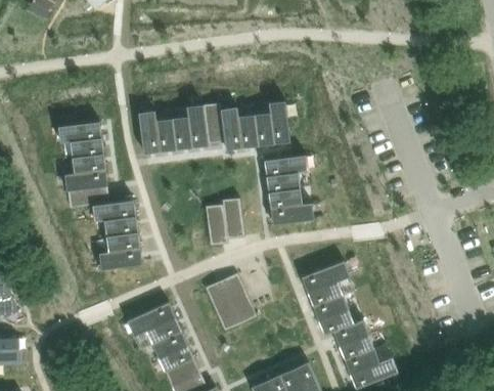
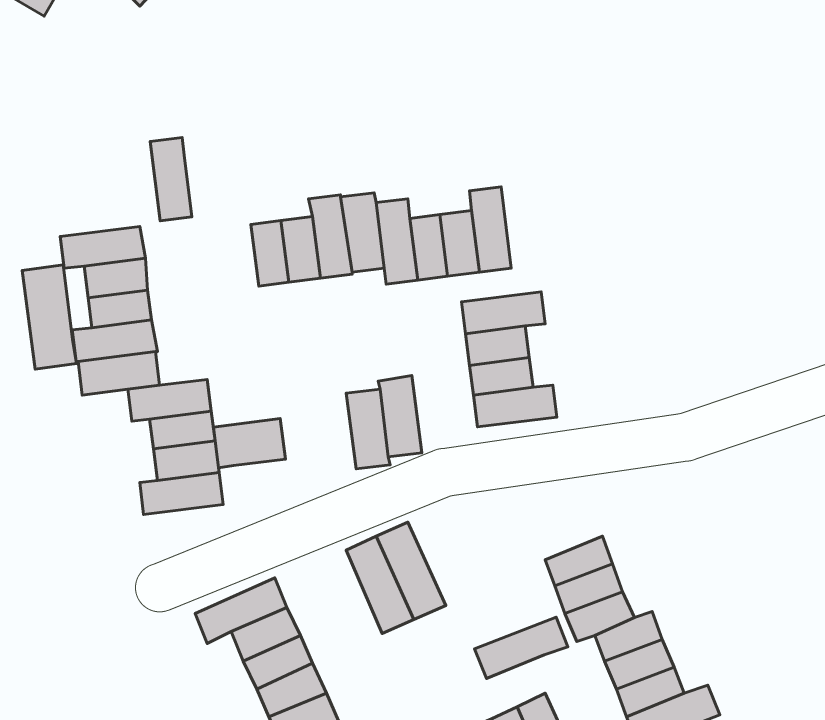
building: [139,111,161,154] -> [150,137,192,221]
building: none -> [22,265,76,369]
building: none -> [213,418,286,468]
building: [302,261,350,293] -> [475,617,568,679]

